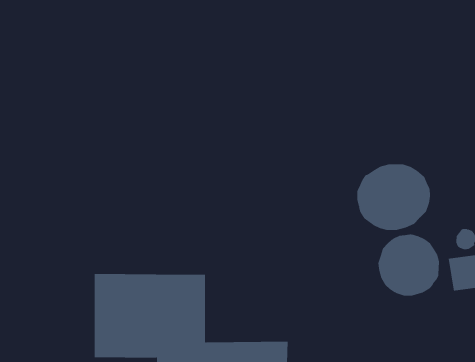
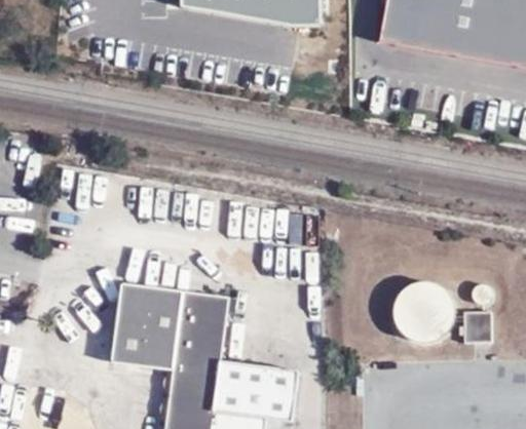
building: [357,163,431,231] -> none

